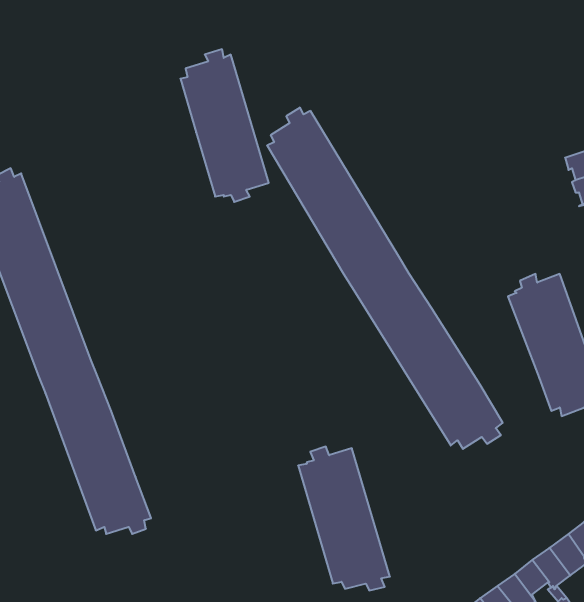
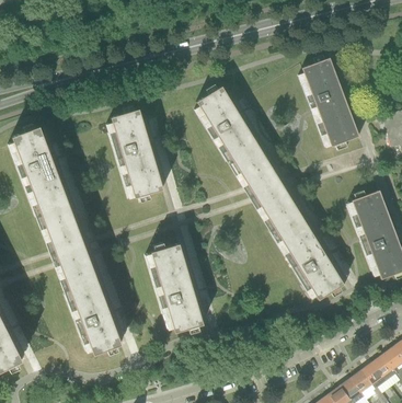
building: [180,49,269,202] -> [108,104,164,200]
building: none -> [300,53,360,149]
building: [298,447,390,590] -> [147,241,205,332]

